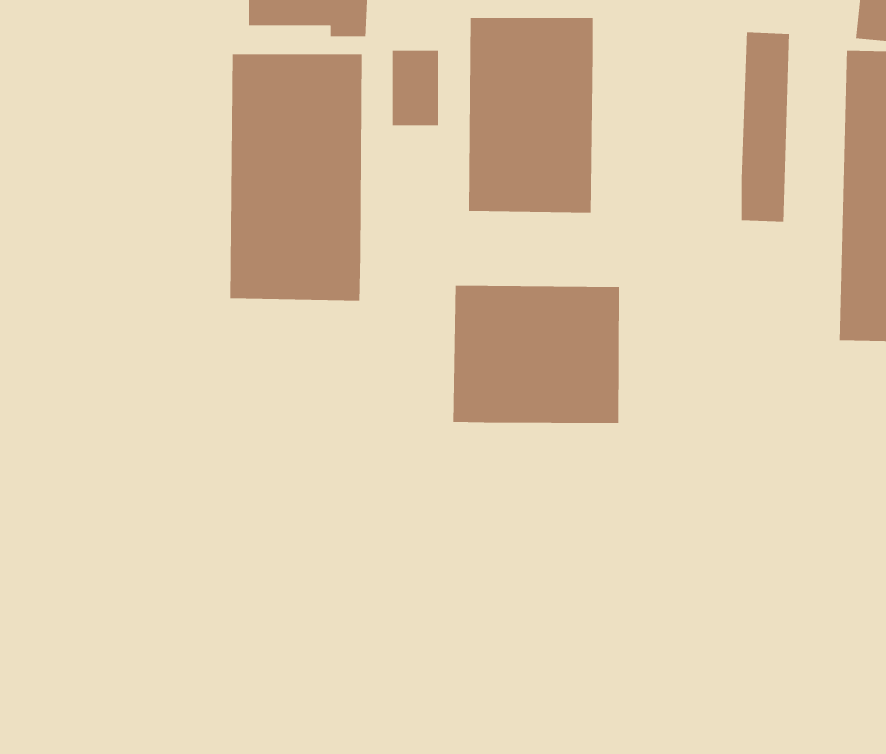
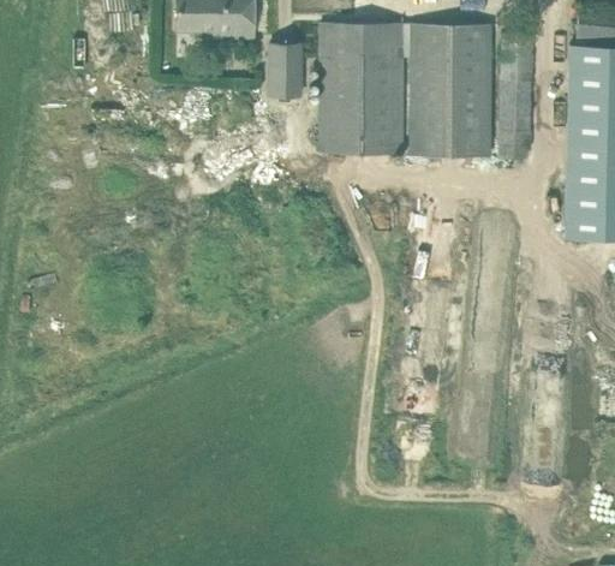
building: none -> [412,24,491,157]
building: [230,54,363,301] -> none
building: [453,285,620,424] -> none

